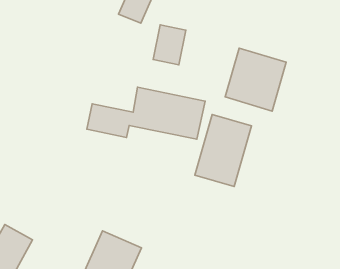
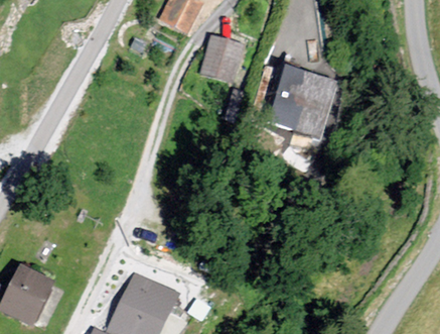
building: [87,87,205,139] -> none
building: [195,114,252,187] -> none

